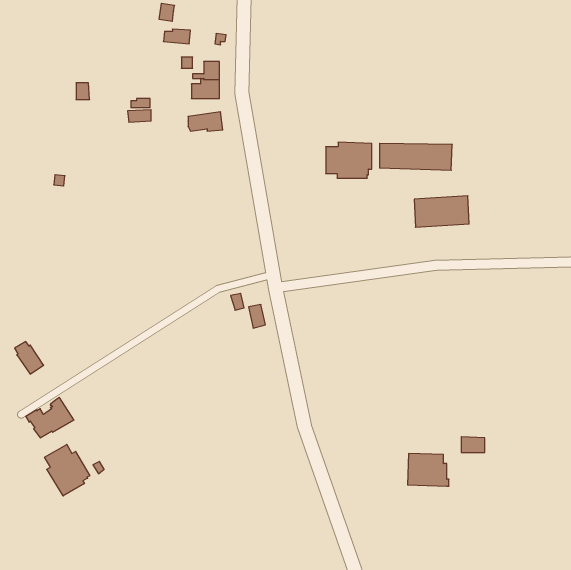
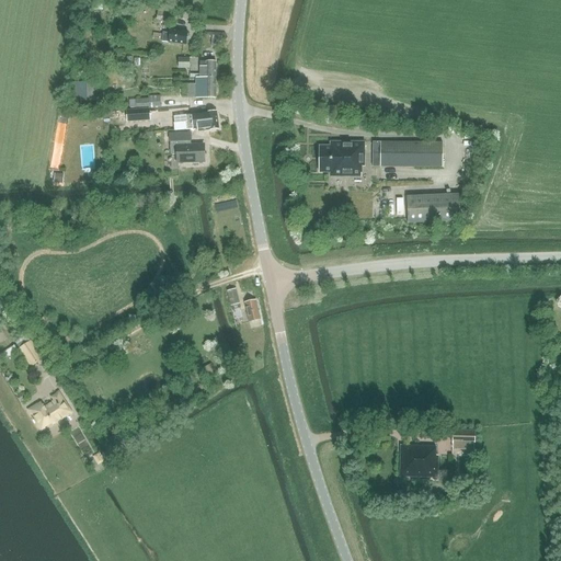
building: none -> [169,131,204,160]
building: [45,444,90,496] -> none

